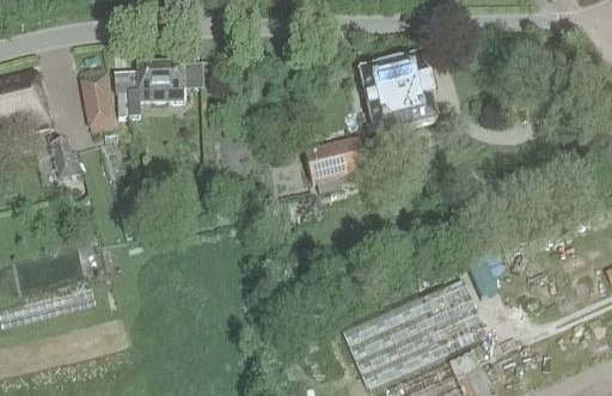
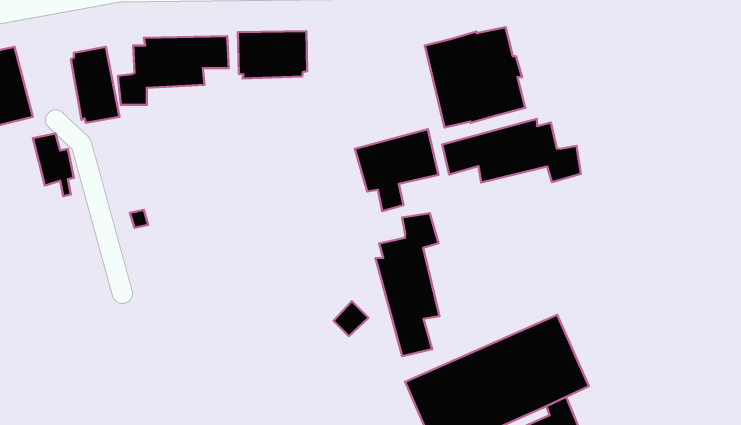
building: none -> [238,31,307,79]
building: none -> [442,119,581,182]
building: none -> [376,213,440,356]

